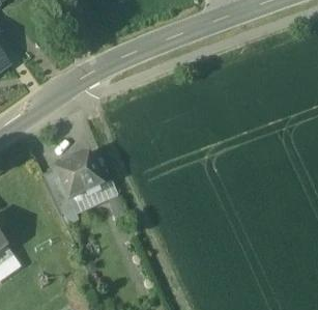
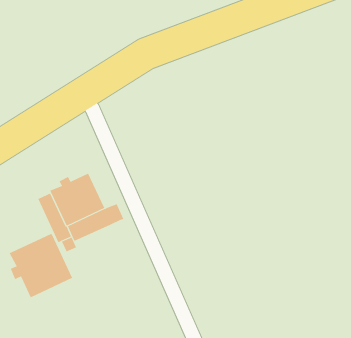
building: none -> [9,233,73,298]

